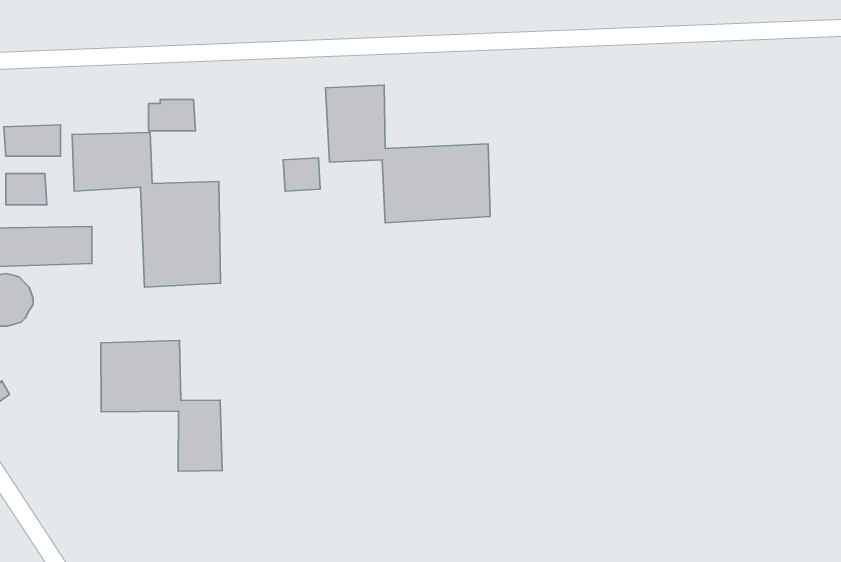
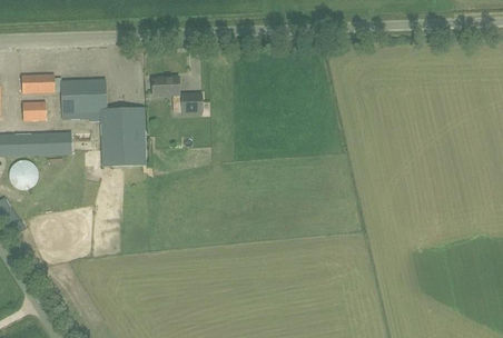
building: [325,85,490,223] -> none
building: [149,100,195,131] -> [151,77,178,95]
building: [101,340,222,471] -> none

